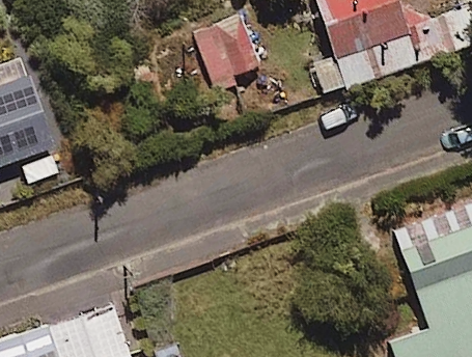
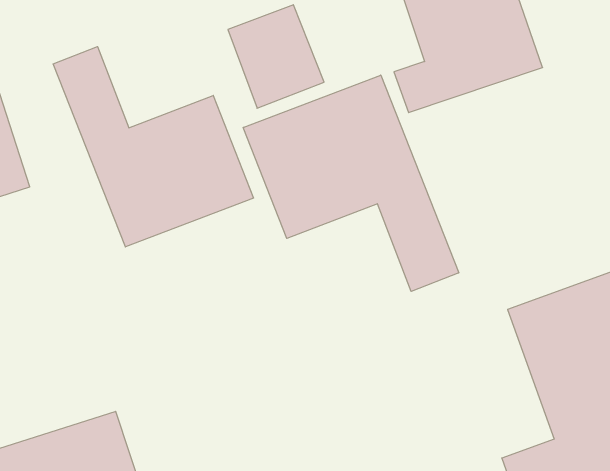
building: none -> [53,47,254,247]
building: none -> [243,75,459,291]

